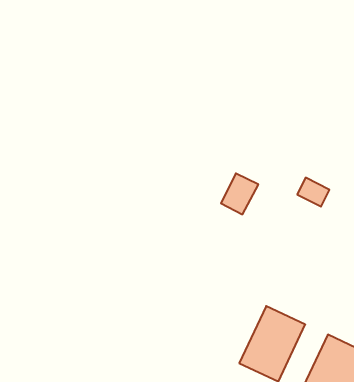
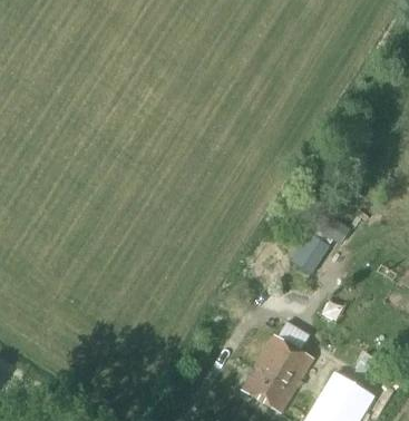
building: [221,173,258,214] -> [291,232,330,273]

